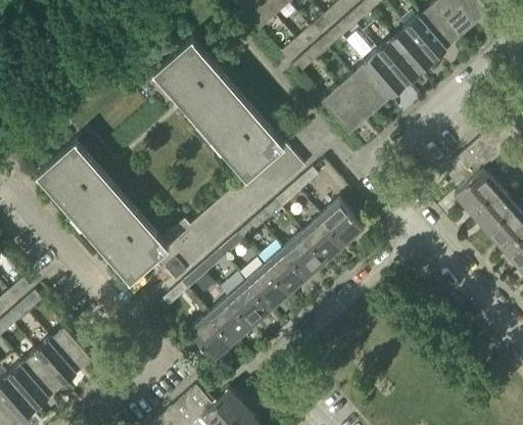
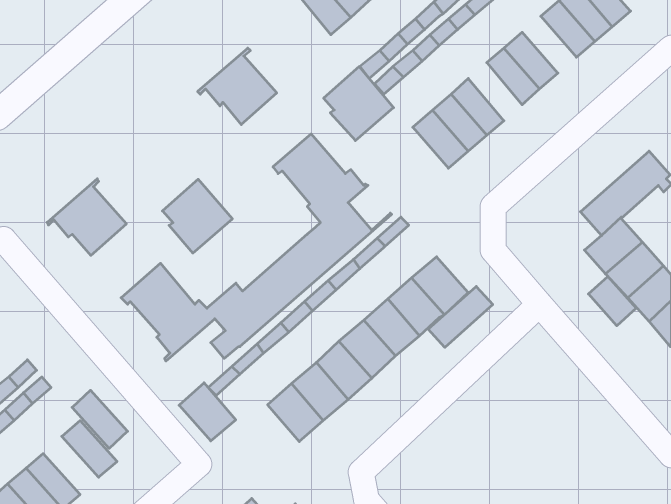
building: [405,15,446,59] -> none
building: [363,51,405,96] -> none
building: [187,75,241,132] -> [324,67,394,141]
building: [70,176,125,233] -> [162,179,232,253]
building: none -> [588,276,636,326]
building: none -> [428,286,493,347]
building: [188,316,232,361] -> [179,383,236,441]
building: [34,340,77,385] -> [72,390,128,448]

